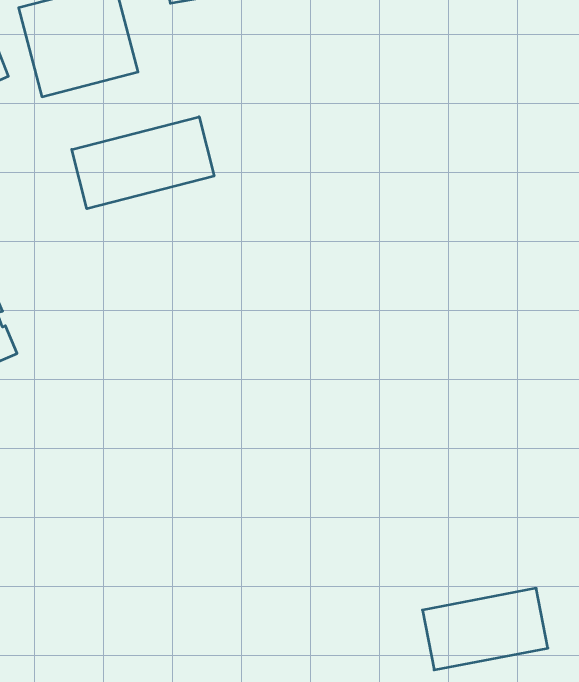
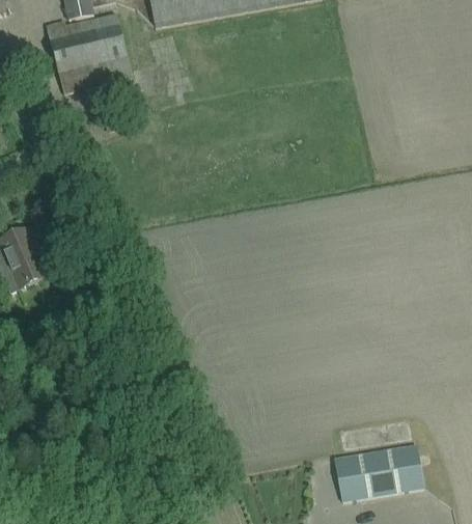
building: [72,117,214,209] -> none

